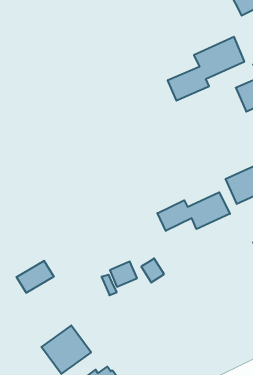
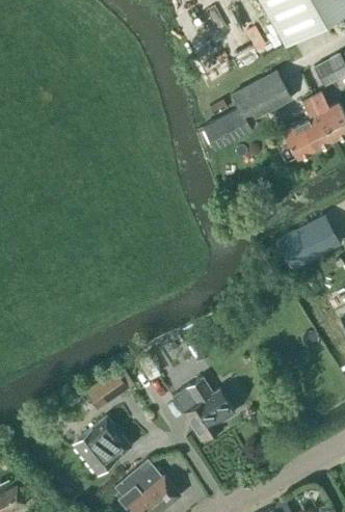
building: [157,192,230,231] -> none
building: [16,261,54,293] -> [85,370,129,408]
building: none -> [174,379,235,440]

